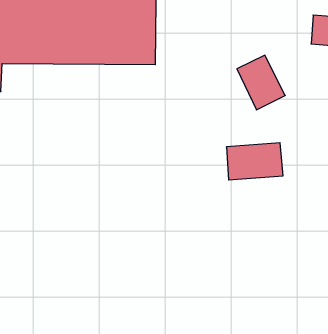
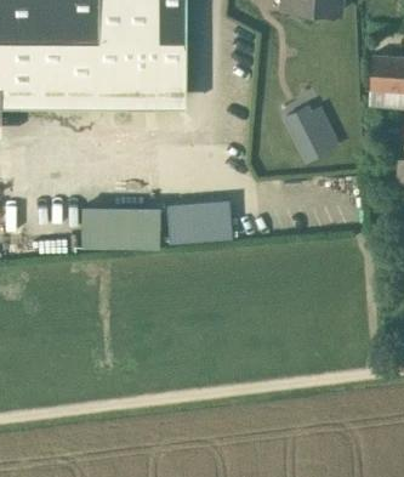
building: [226,143,283,180] -> [165,199,232,243]
building: none -> [79,205,161,245]

